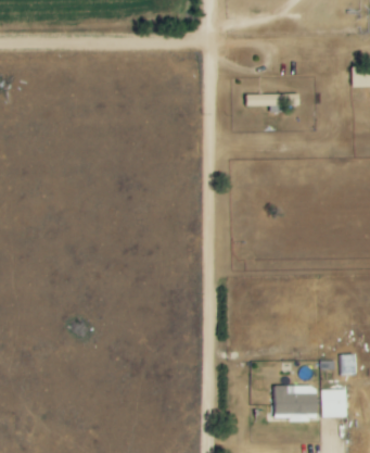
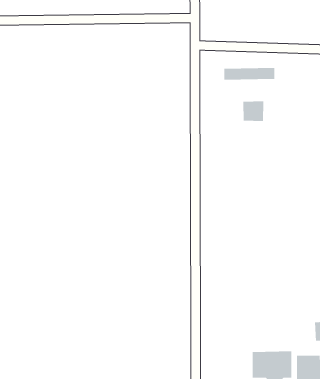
building: none -> [243,101,264,122]

